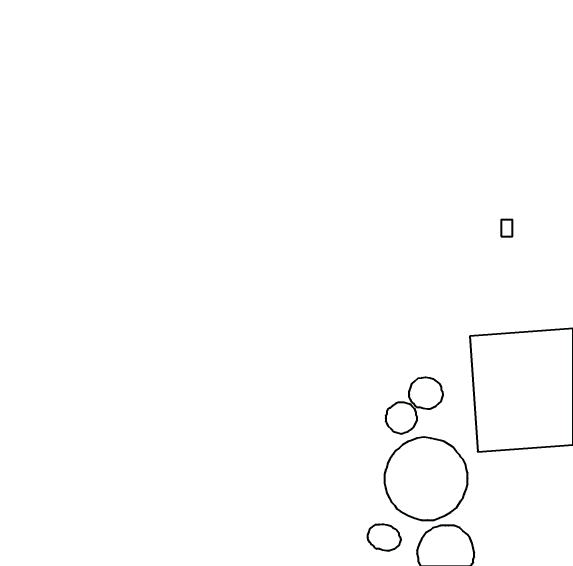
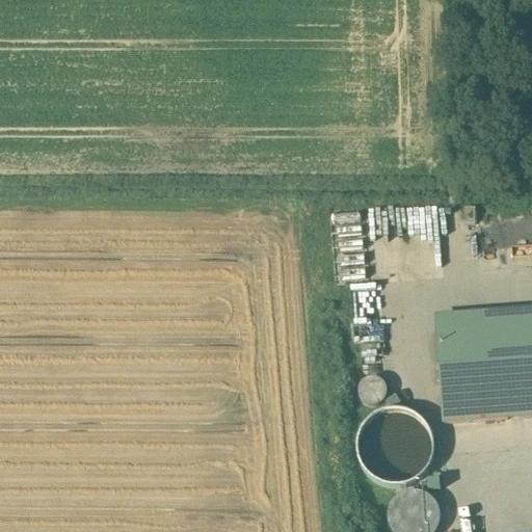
building: [409,377,443,409] -> none
building: [368,524,401,551] -> none

